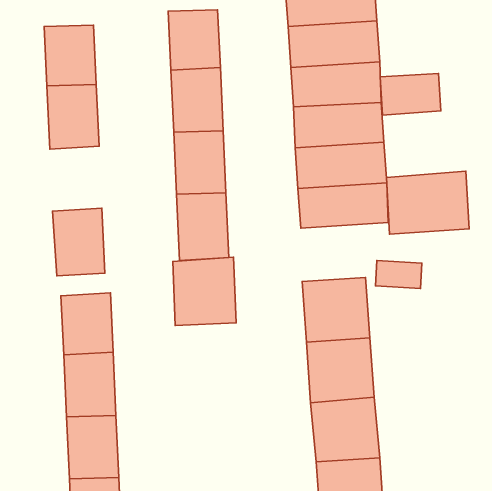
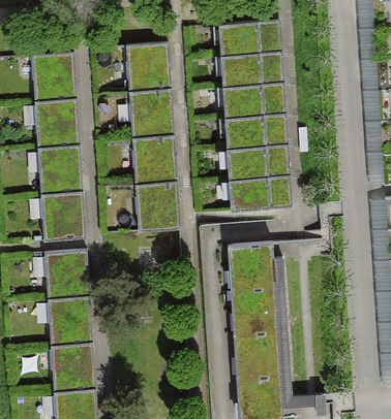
building: [380,73,441,115] -> none
building: none -> [42,147,81,194]
building: [386,171,469,234] -> none
building: [173,257,236,325] -> none

